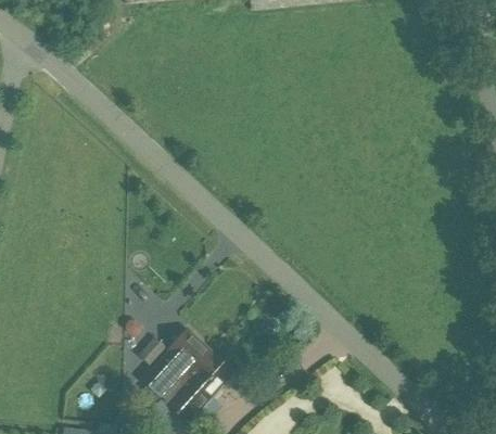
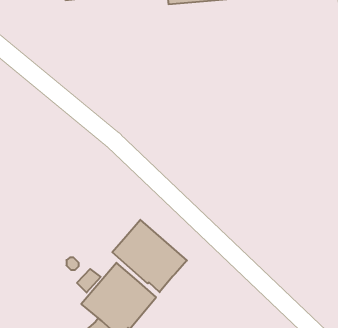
building: none -> [112,220,187,292]

